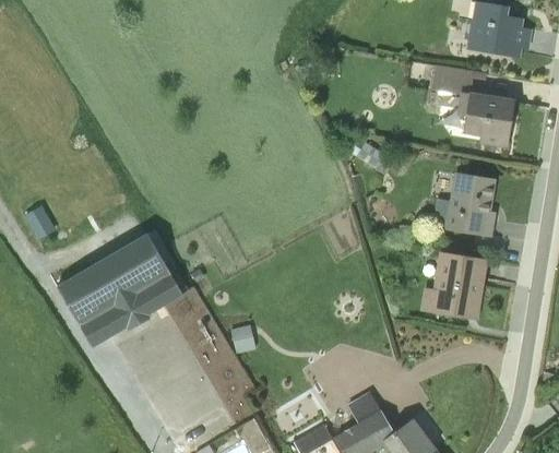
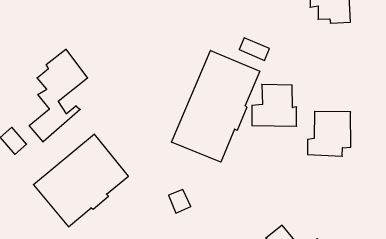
building: none -> [29,49,88,142]
building: none -> [172,50,260,162]
building: [433,174,496,236] -> [252,84,297,126]

